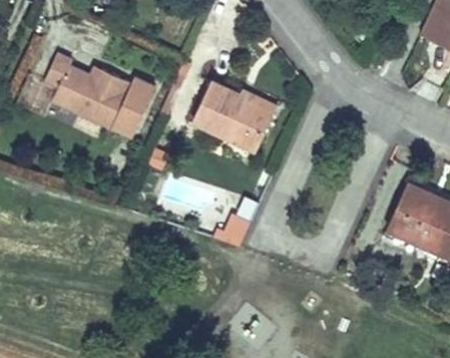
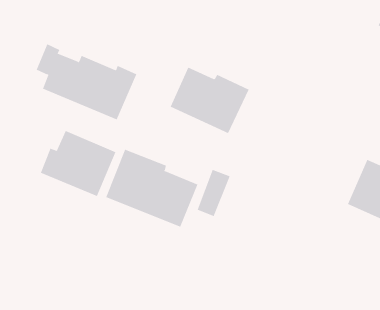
building: none -> [40,130,116,197]
building: none -> [106,149,198,227]

